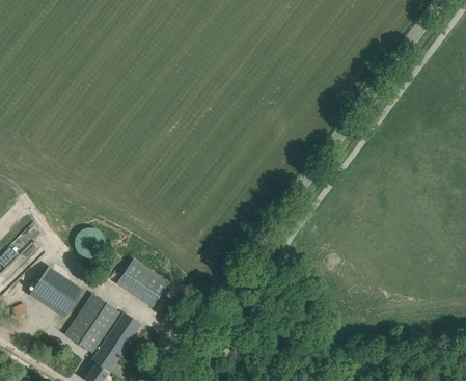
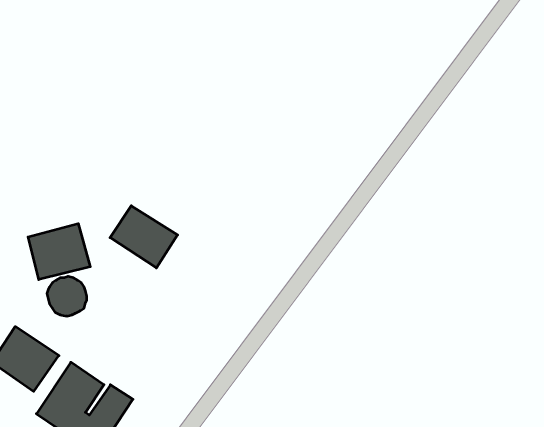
building: none -> [28,224,90,280]
building: [116,257,169,306] -> [110,206,178,268]

